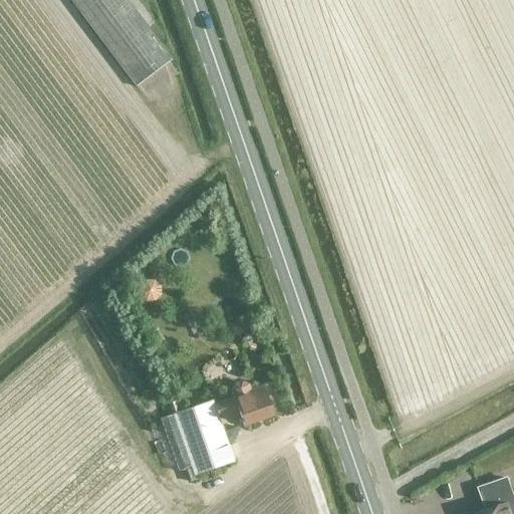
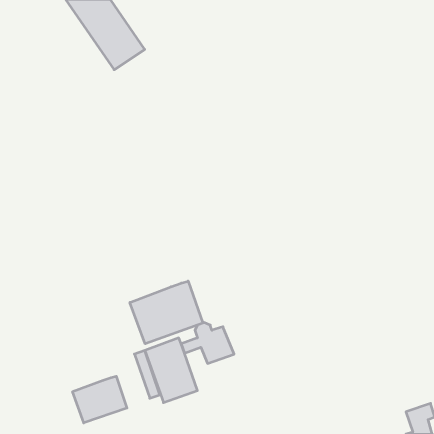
building: none -> [130,281,203,344]
building: none -> [73,376,127,423]

